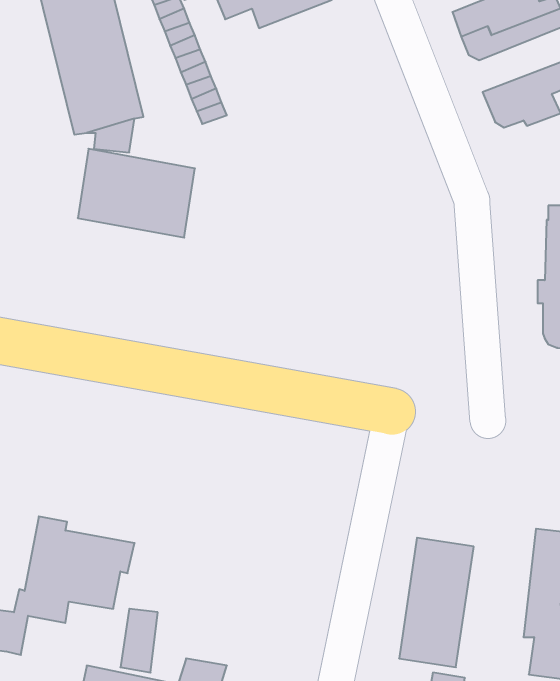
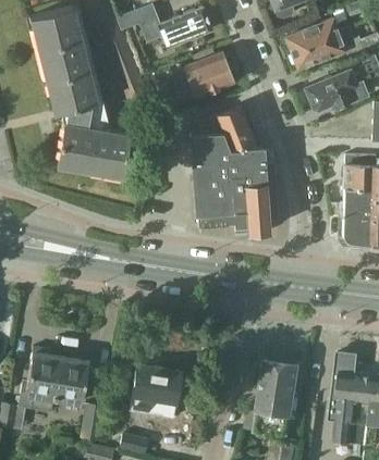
building: none -> [172,51,233,99]
building: none -> [191,104,279,235]
building: none -> [129,363,182,418]

